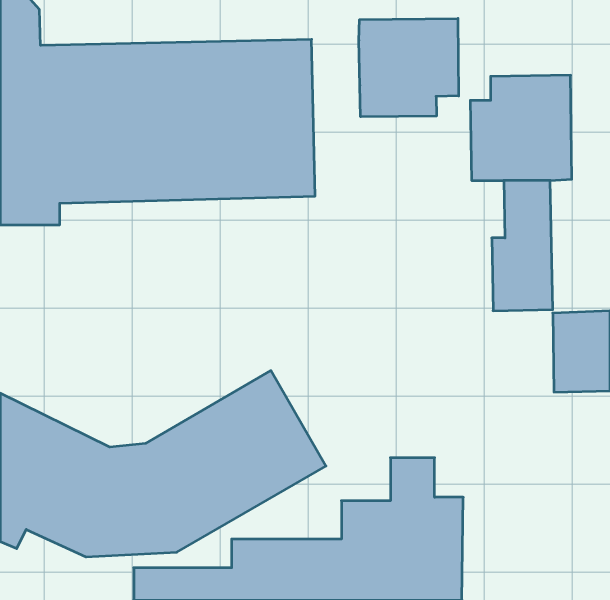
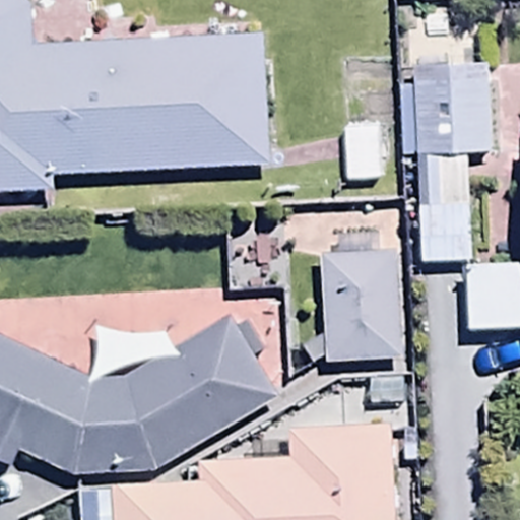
building: [359,18,459,117] -> none
building: none -> [322,232,397,356]

